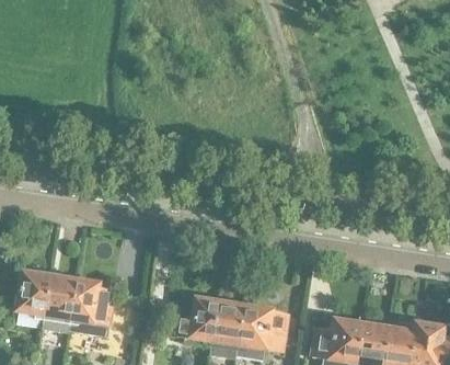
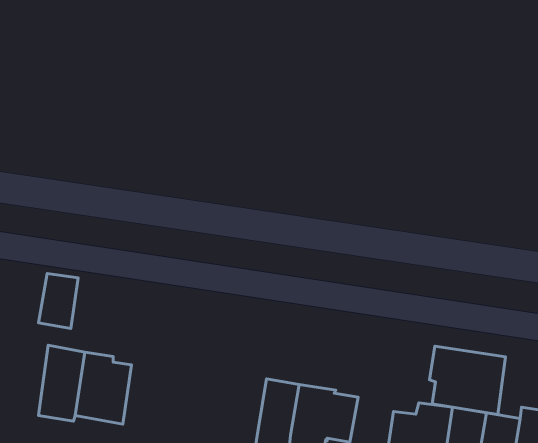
building: [18,270,48,312] -> [39,274,78,328]
building: none -> [430,346,506,415]
building: [173,296,218,339] -> none

